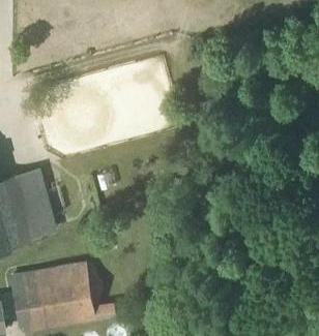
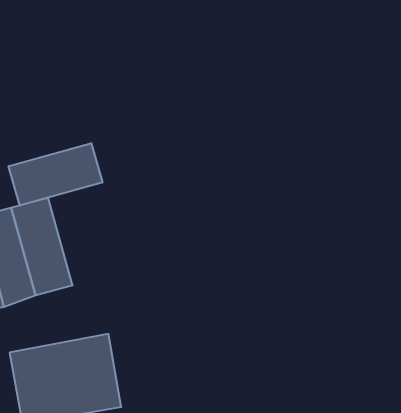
building: none -> [9,143,102,206]

